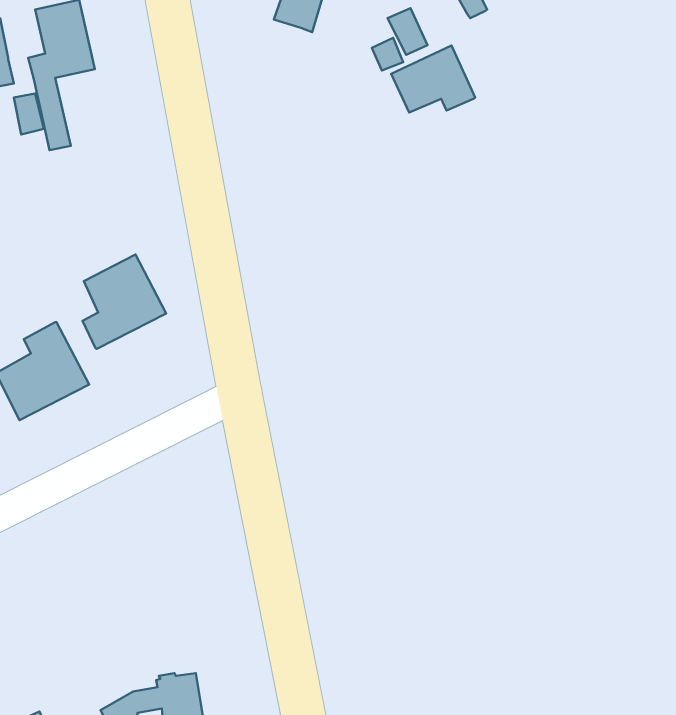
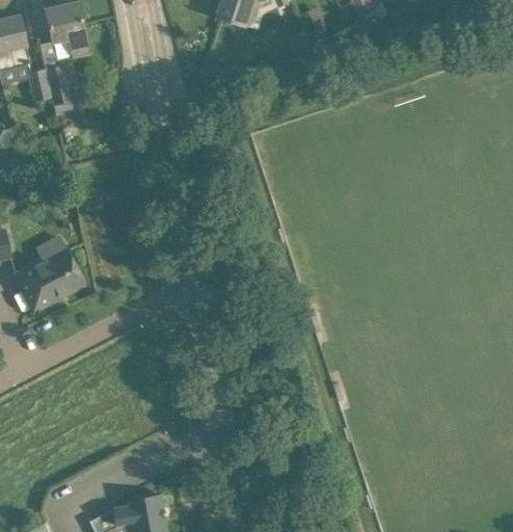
building: [391,46,475,112] -> none
building: [83,254,166,349] -> none

